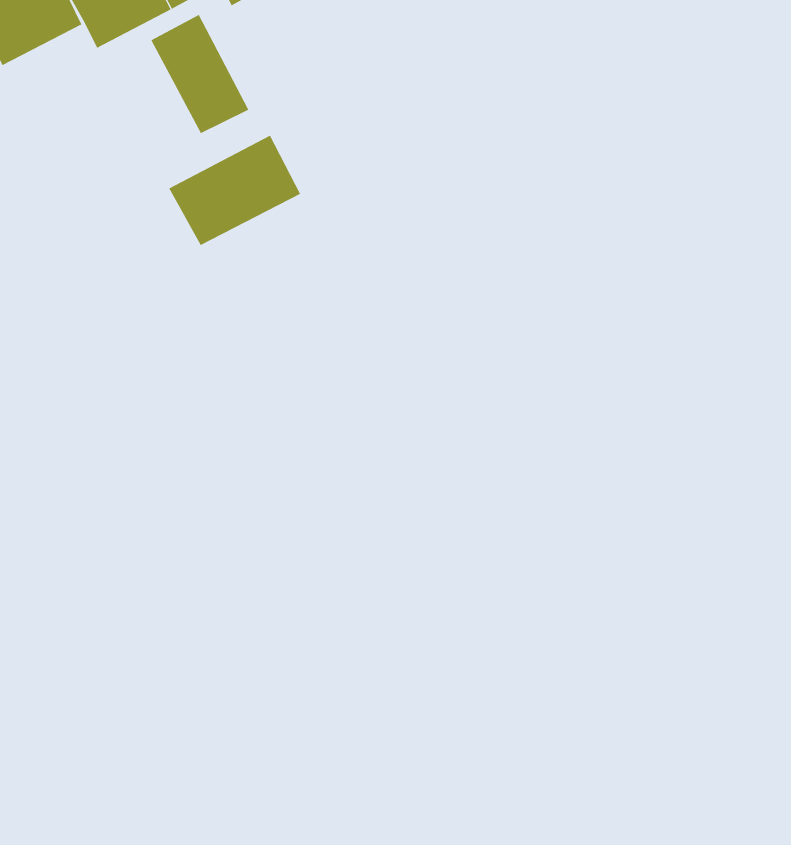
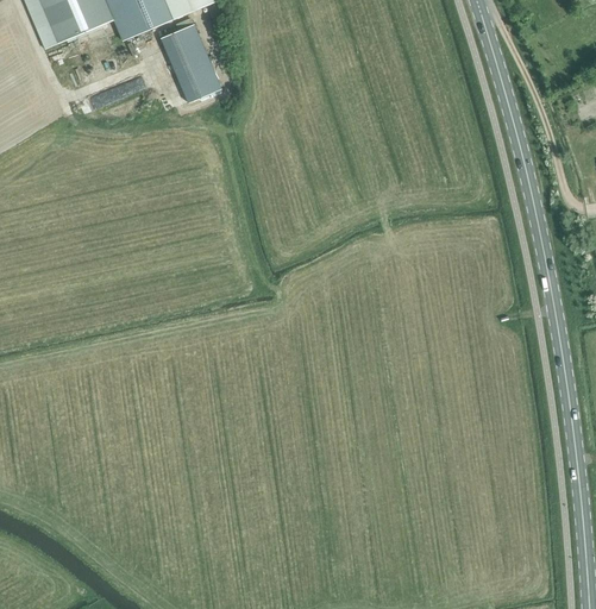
building: [169,135,301,246] -> none

